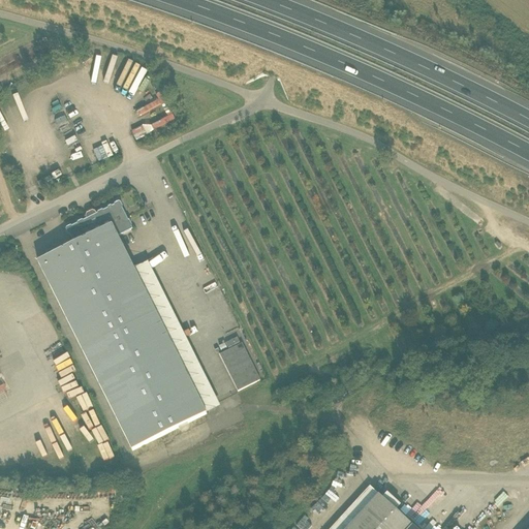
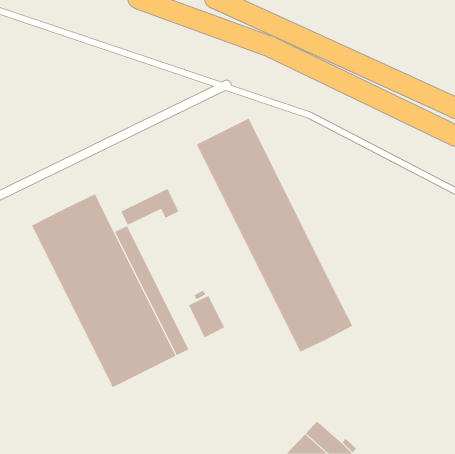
building: none -> [196,118,353,353]
building: [64,199,132,243] -> [120,188,179,226]

